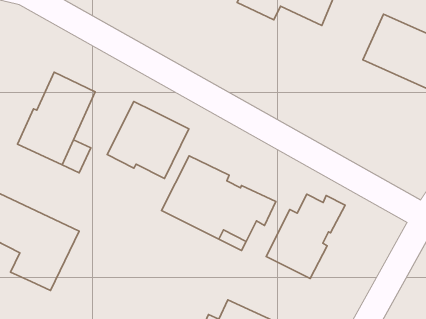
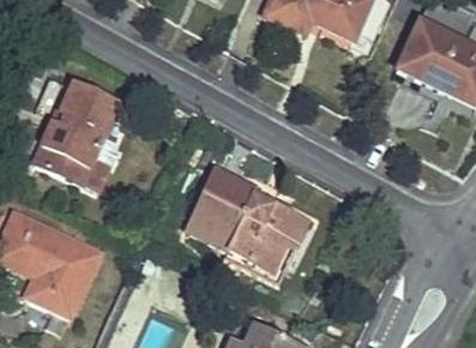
building: [107,101,189,178] -> none
building: [266,194,345,279] -> none

